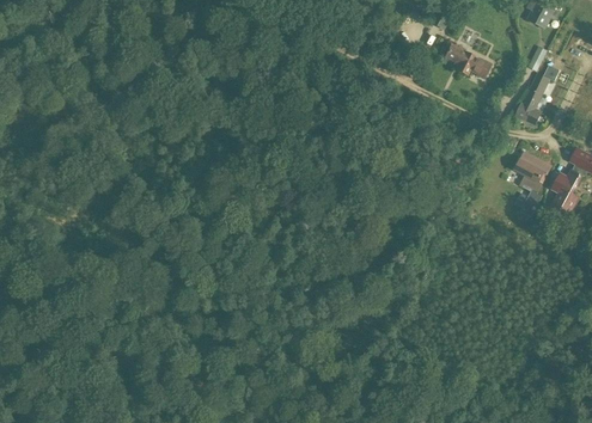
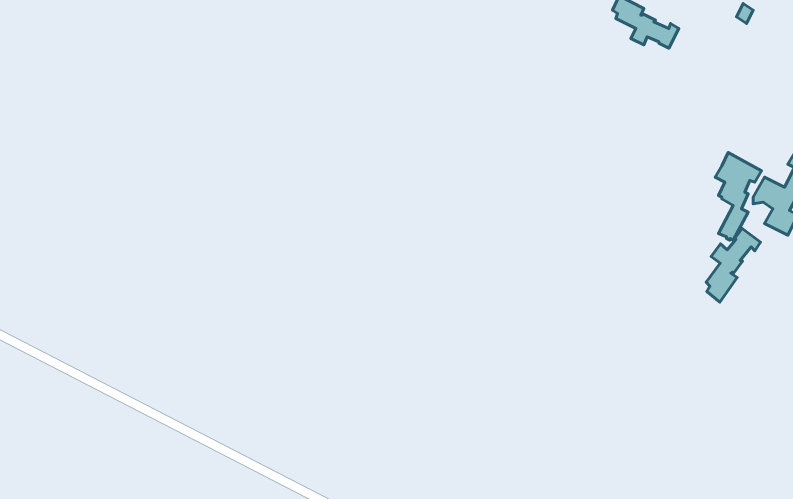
building: [514,72,550,125] -> none
building: none -> [706,228,760,302]

